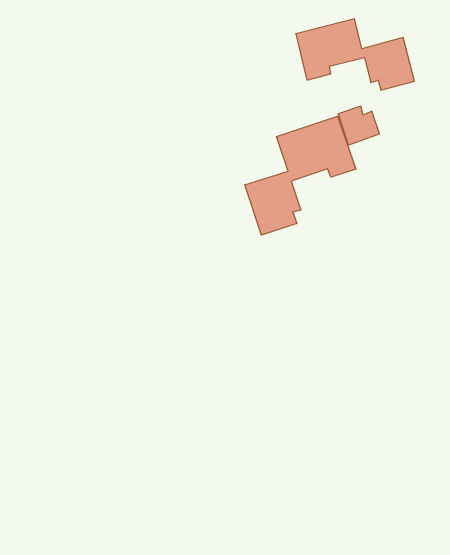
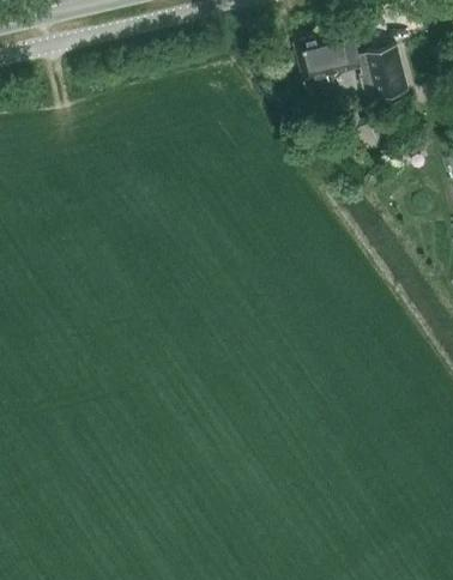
building: [245,116,356,235] -> none

